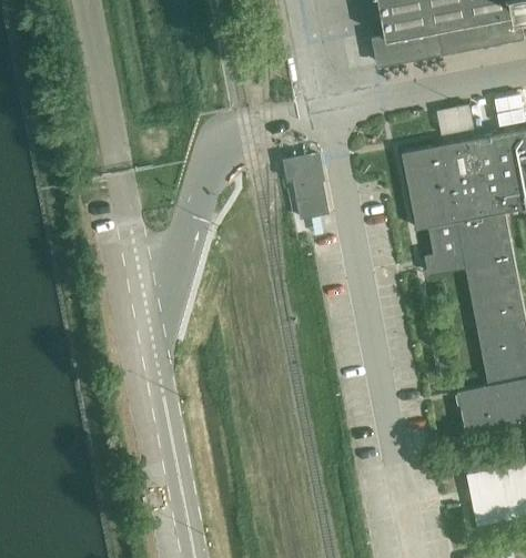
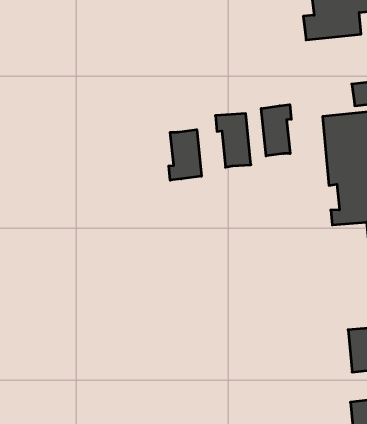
building: none -> [261,105,291,156]
building: none -> [169,130,201,180]

